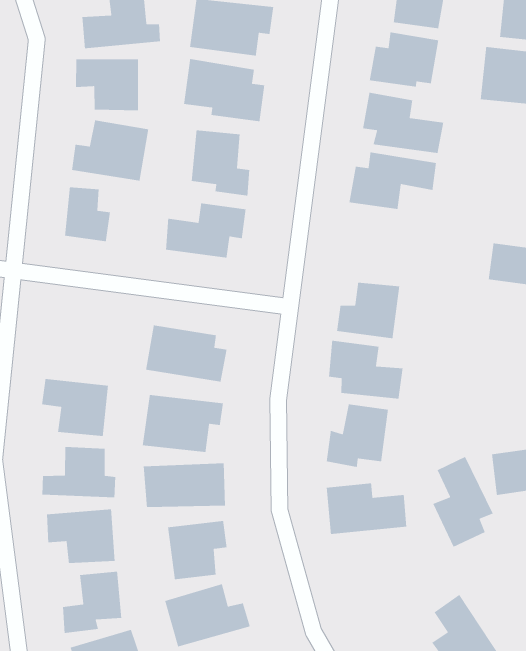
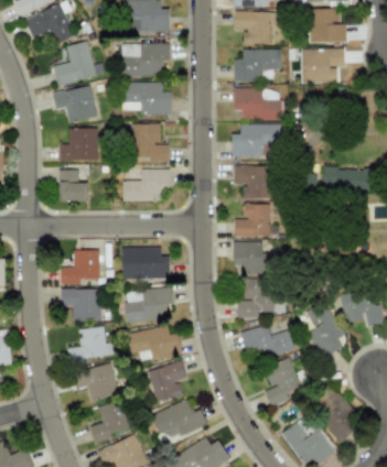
building: none -> [236,165,269,198]
building: none -> [61,249,99,284]
building: none -> [265,358,304,404]

